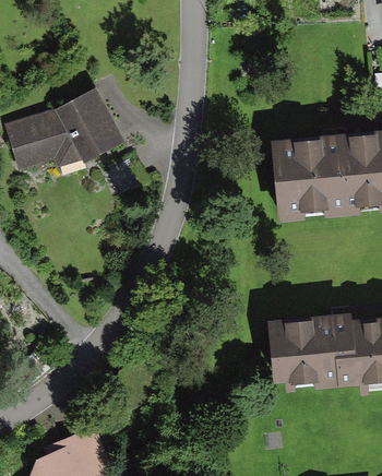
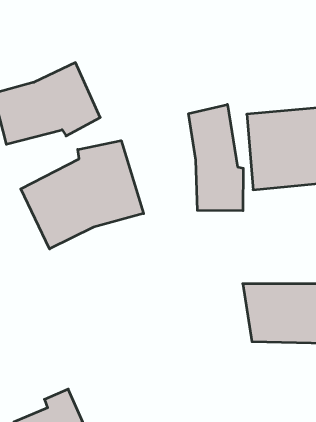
building: none -> [189,104,243,211]
building: none -> [21,141,144,249]

